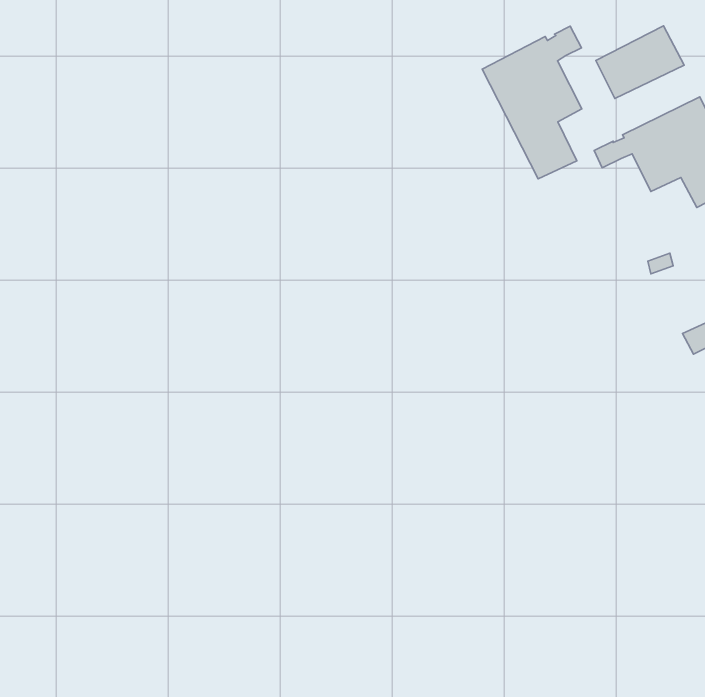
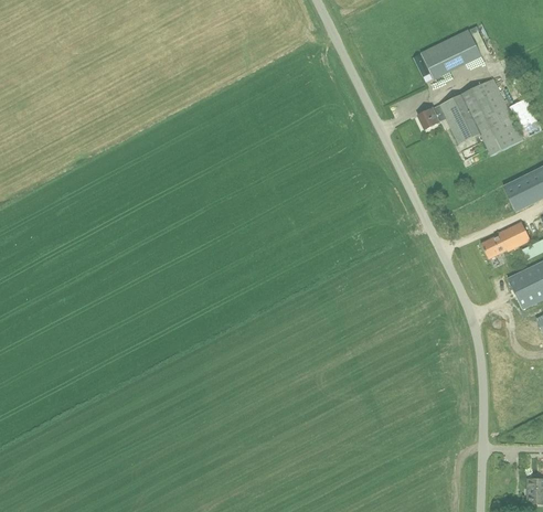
building: [482,26,582,179] -> none

